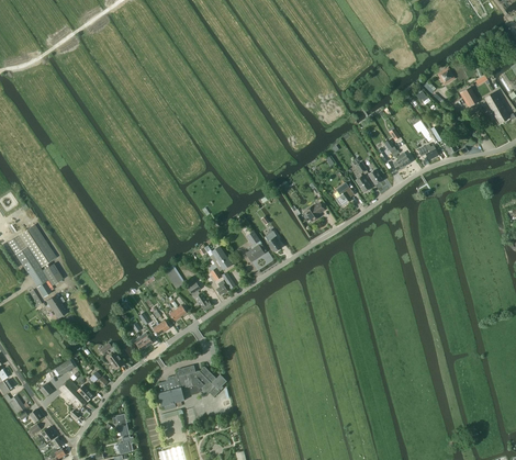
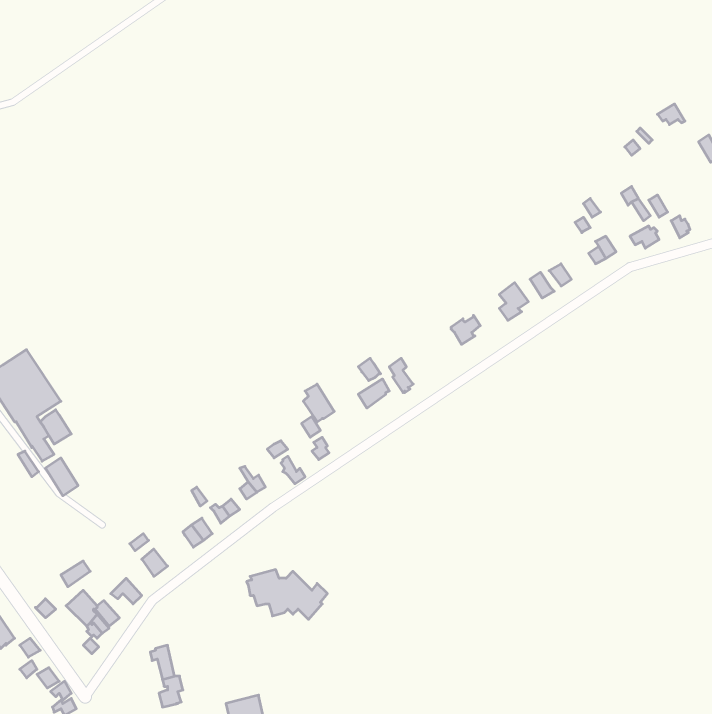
building: [156,375,183,411] -> none

